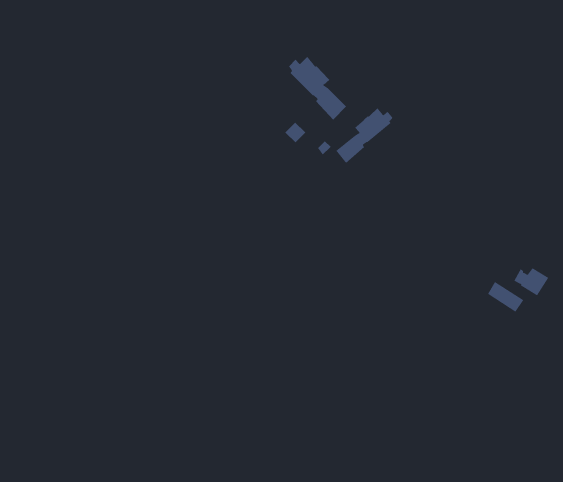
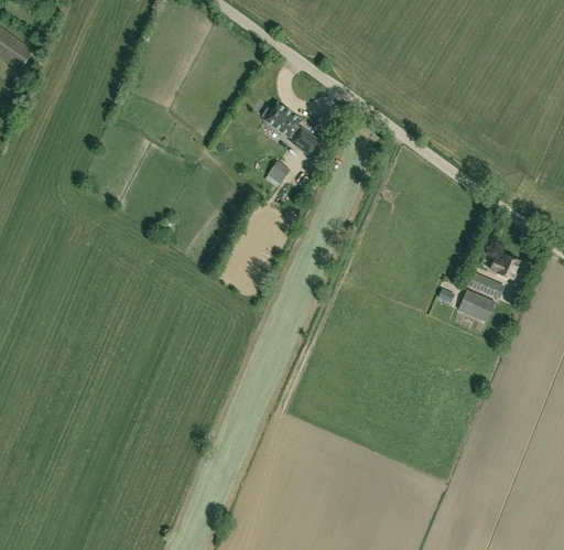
building: [336,107,393,164] -> none
building: none -> [457,289,495,321]

